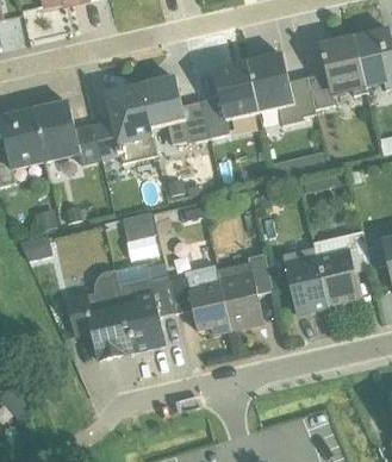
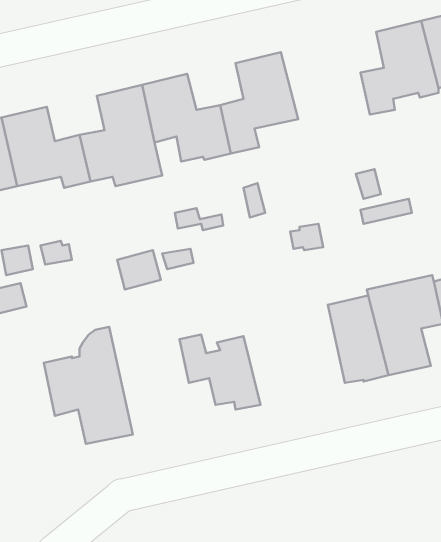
building: [247,52,316,124] -> none
building: [217,252,273,329] -> none
building: [116,262,176,351] -> none

